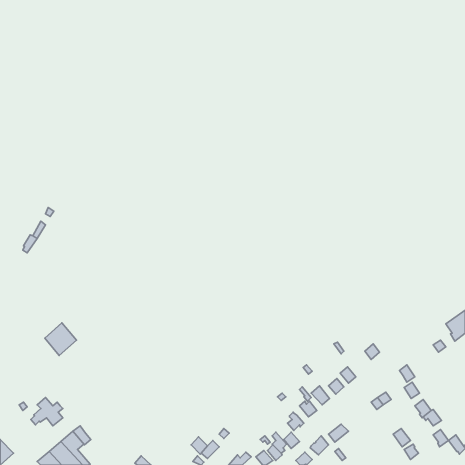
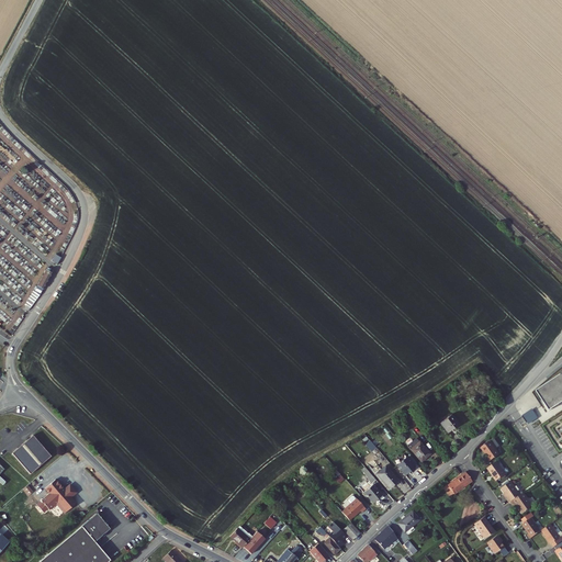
building: [45,323,77,356] -> [13,435,52,474]

